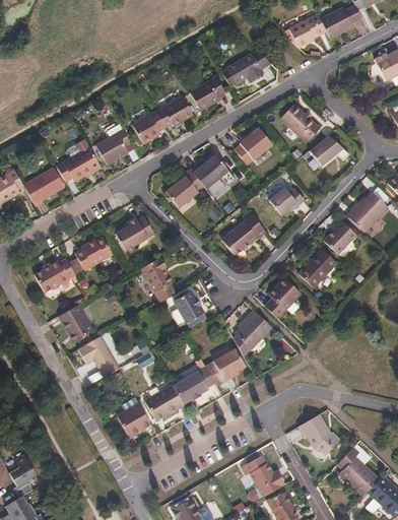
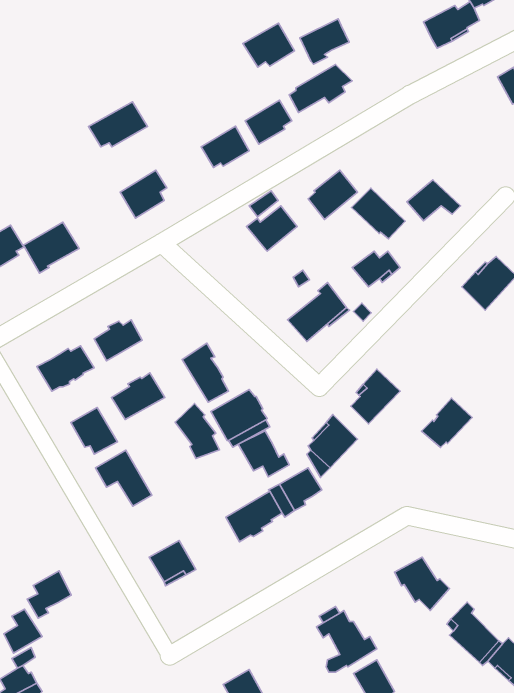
building: [289,14,326,48] -> [300,19,349,64]
building: none -> [243,23,295,67]
building: [279,105,319,142] -> [352,188,405,239]
building: [132,112,164,144] -> none
building: [56,147,100,181] -> [89,102,148,147]
building: [165,171,203,208] -> none
building: [116,216,155,251] -> [112,373,165,420]
building: [325,218,357,254] -> none
building: [301,248,338,284] -> [421,398,472,448]
building: none -> [175,404,219,459]
building: none -> [238,431,289,477]
building: [145,384,185,417] -> none
building: none -> [27,571,71,618]

